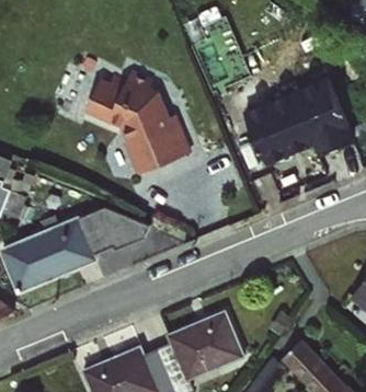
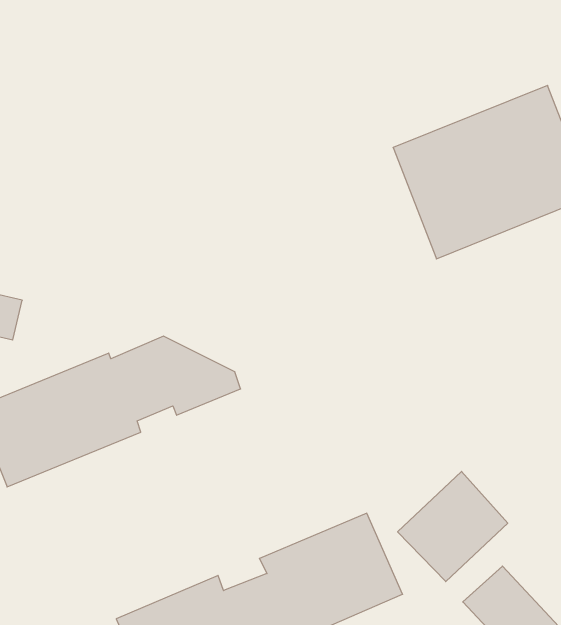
building: [83,68,191,175] -> none
building: none -> [398,471,508,582]

